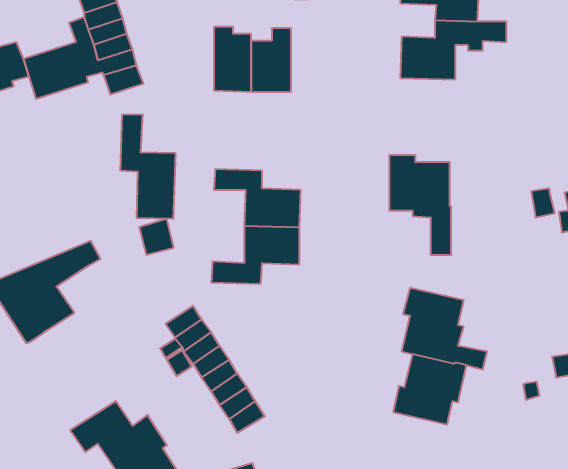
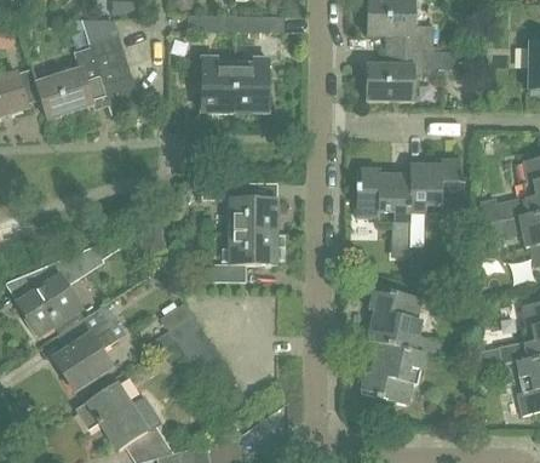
building: [120,114,175,219] -> none
building: none -> [409,158,464,222]
building: none -> [53,299,126,389]

